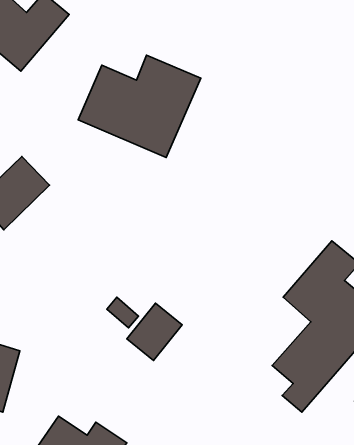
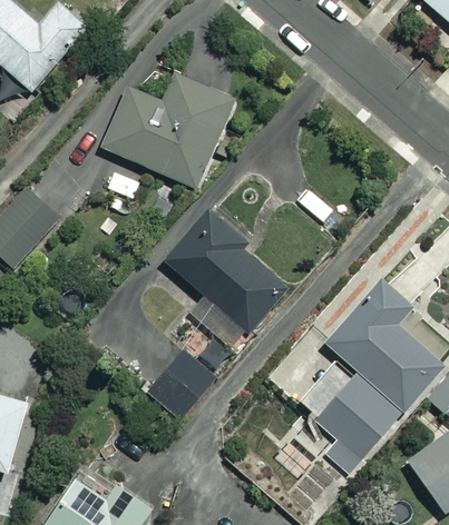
building: none -> [164,210,284,354]

